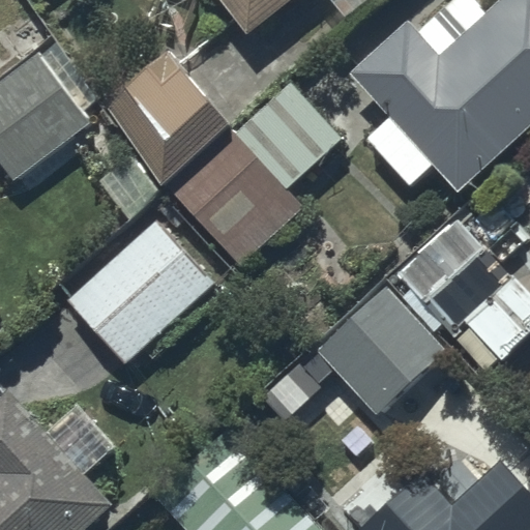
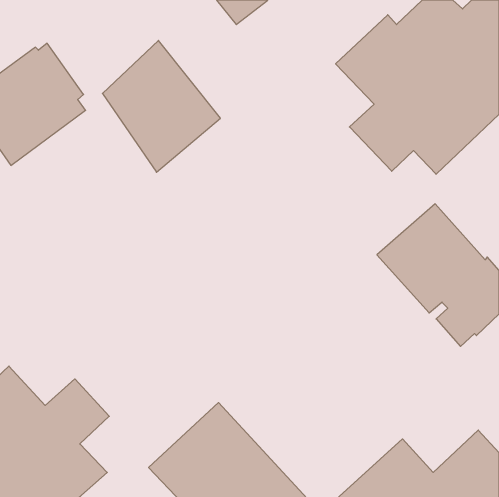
building: [165,82,336,266] -> none
building: [69,222,212,364] -> none
building: [271,288,446,419] -> none

